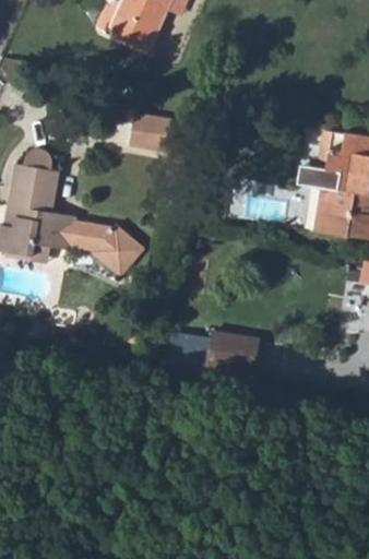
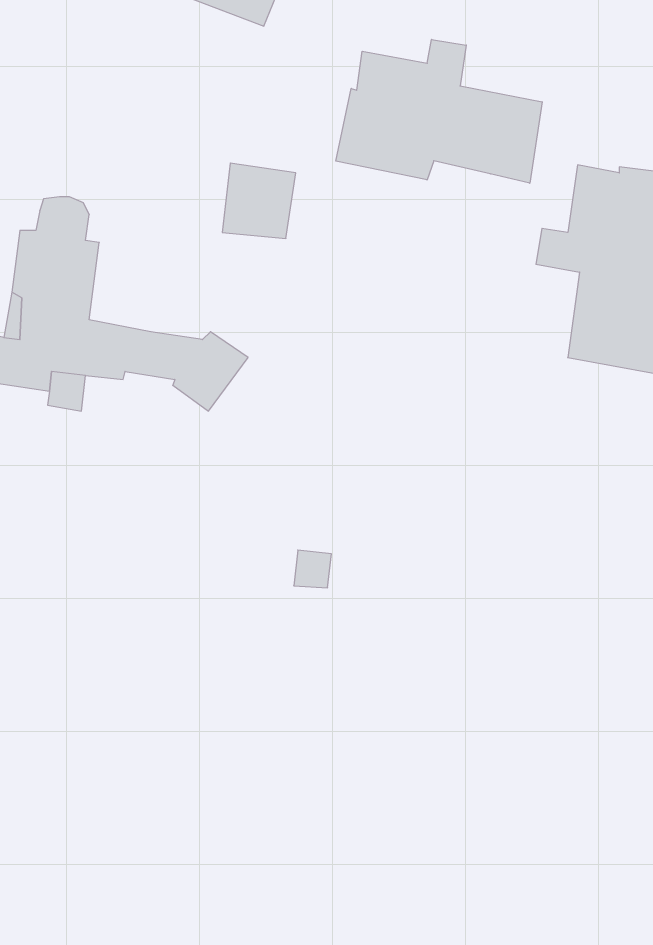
building: none -> [336,39,542,183]
building: [205,330,259,369] -> none

